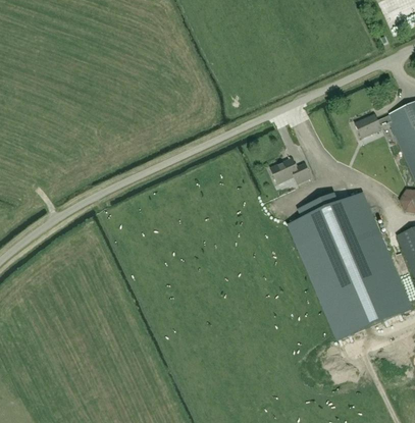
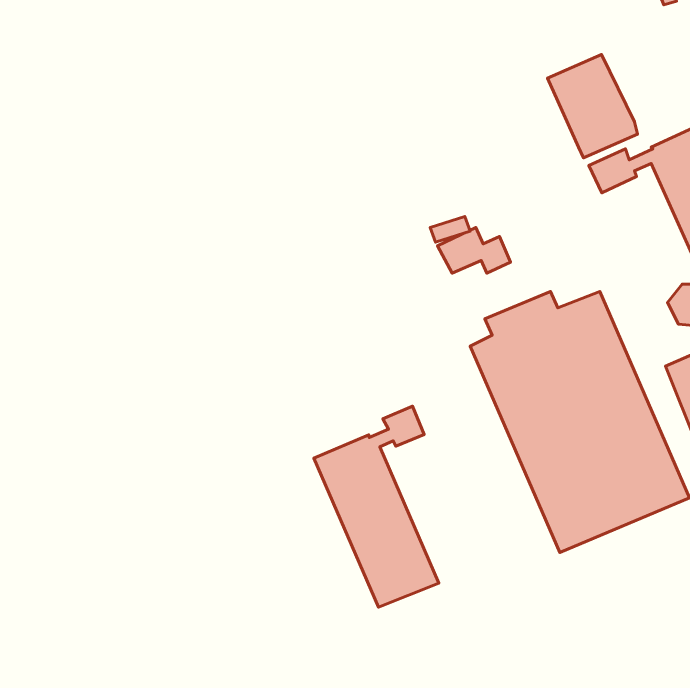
building: none -> [548,54,637,158]
building: none -> [314,406,439,607]

